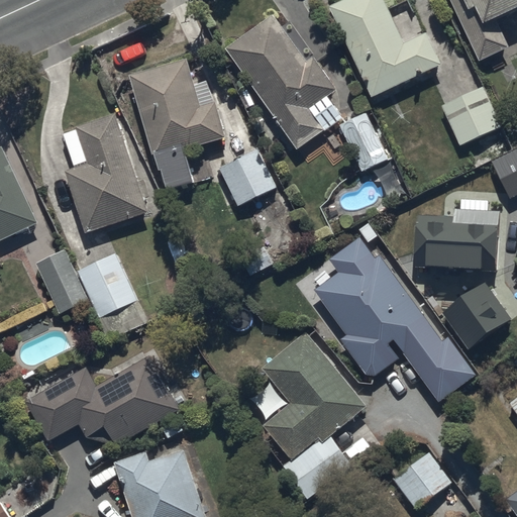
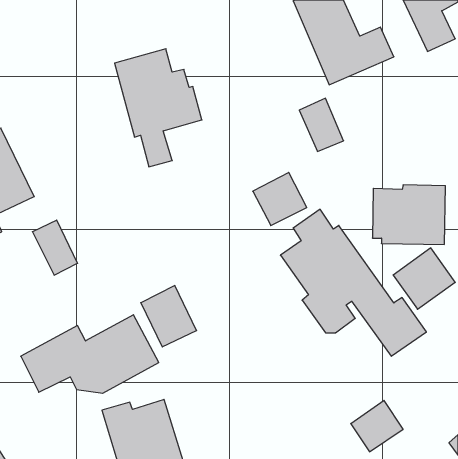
building: [224,13,338,148] -> none
building: [439,87,501,147] -> none
building: [65,113,148,232] -> none
building: [216,146,277,206] -> [253,172,307,226]
building: [76,249,138,318] -> [141,286,197,347]
building: [263,331,366,495] -> none

